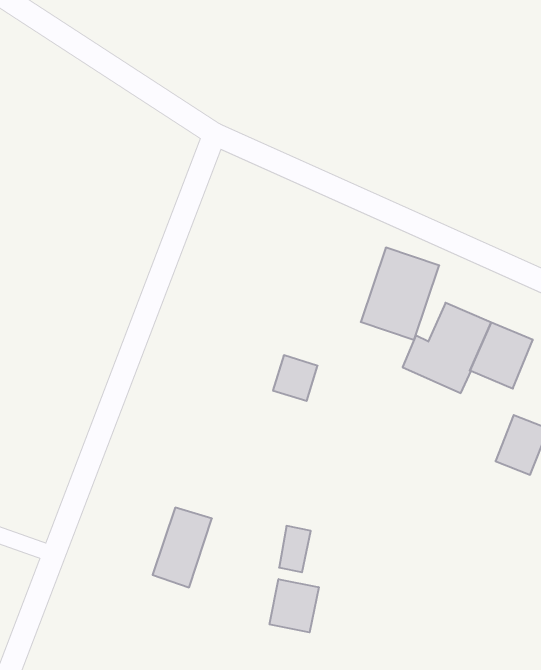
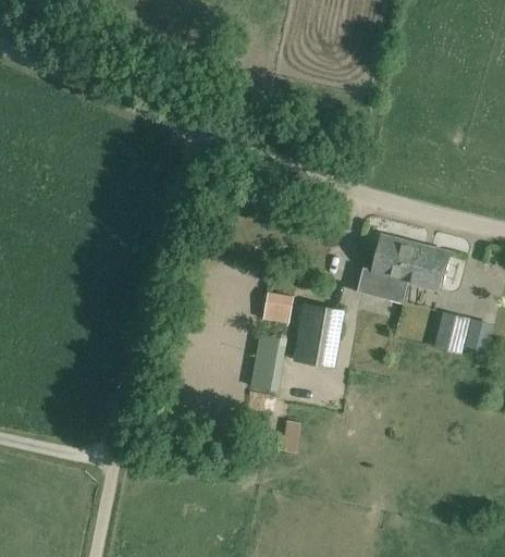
building: [361,248,439,340] -> [293,302,345,368]
building: [153,508,212,587] -> [249,334,287,392]
building: [270,579,319,632] -> none

